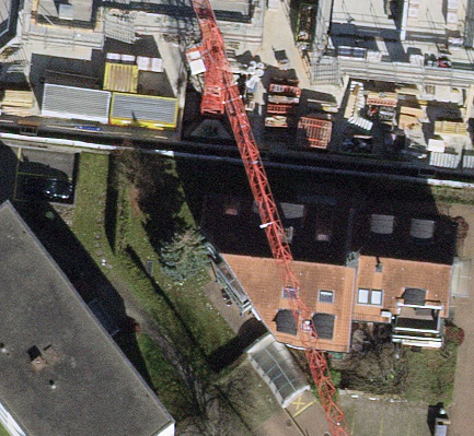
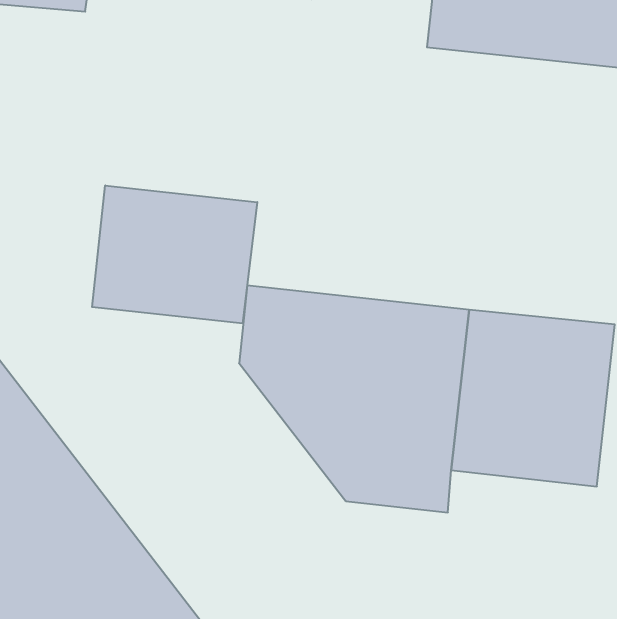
building: none -> [92,185,257,323]

